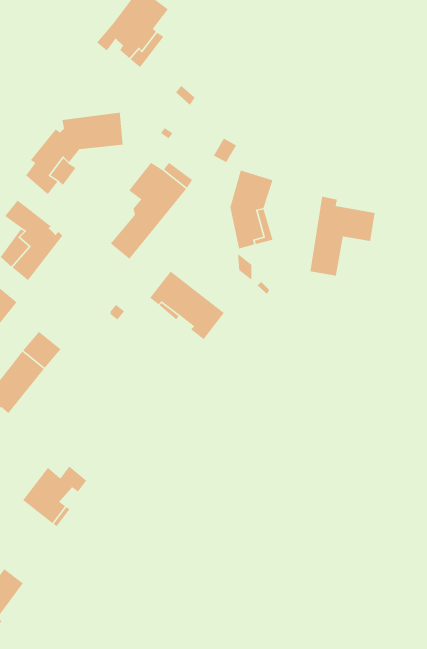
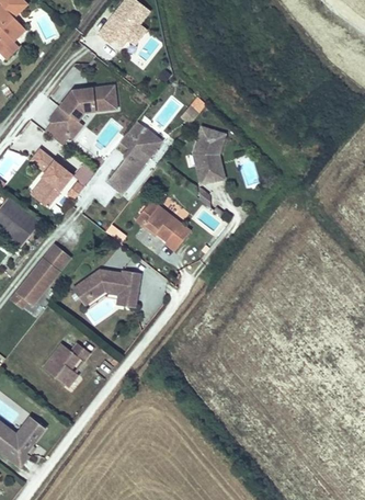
building: [309,196,375,277] -> none
building: none -> [72,270,140,308]

